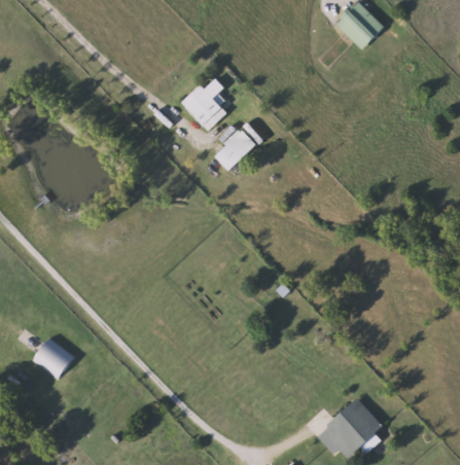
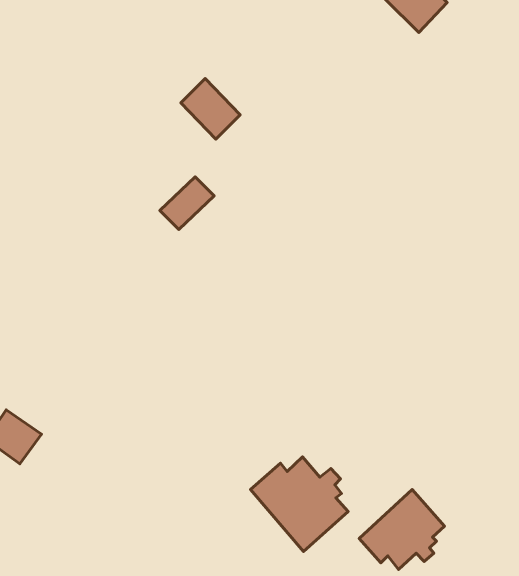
building: [214,130,255,170] -> [160,177,214,230]
building: none -> [251,457,348,551]

